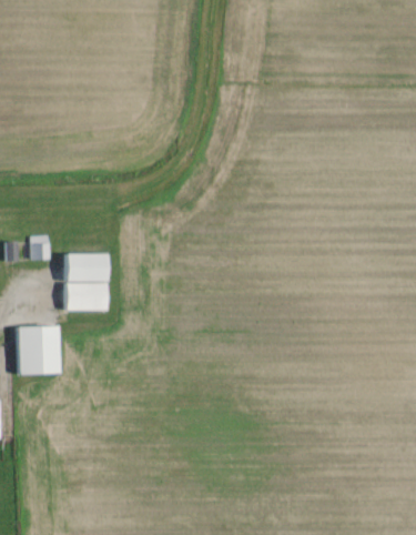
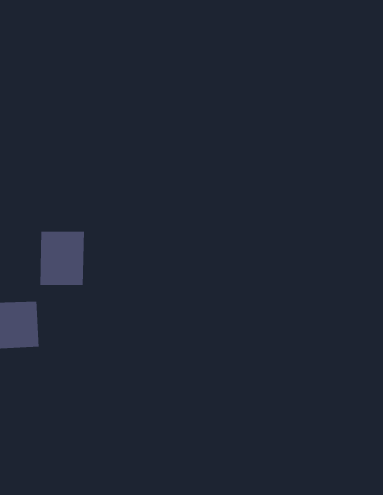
building: [30,235,51,260] -> none

